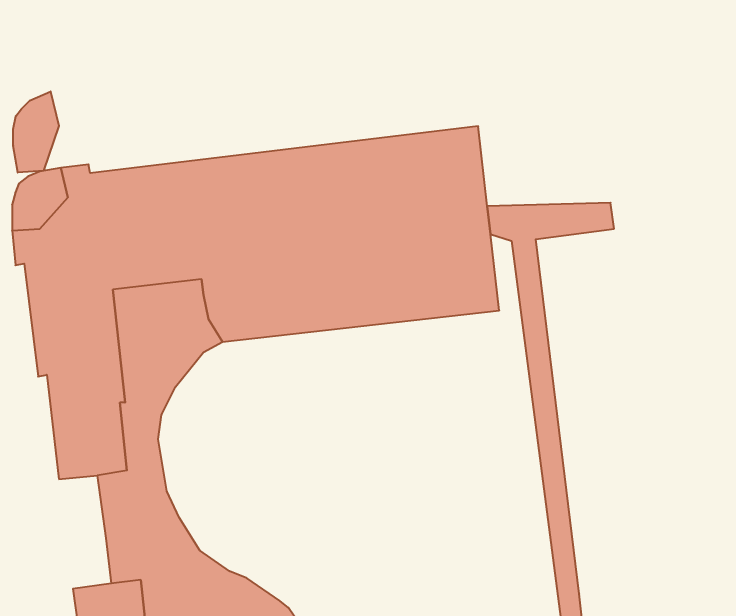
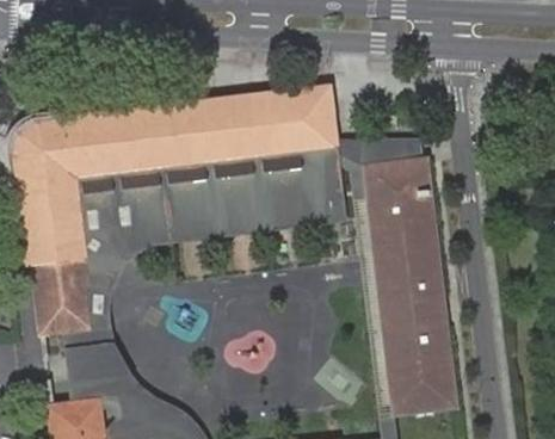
building: [13,91,59,173] -> none
building: none -> [369,160,457,410]

